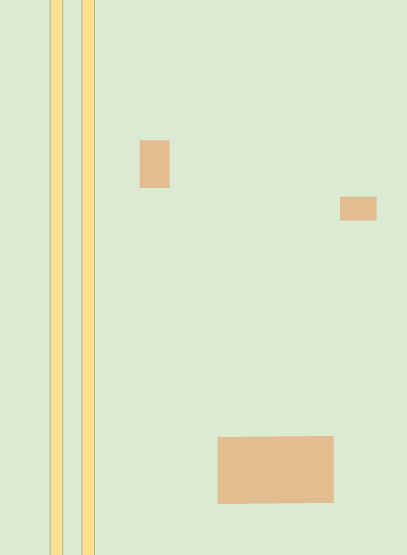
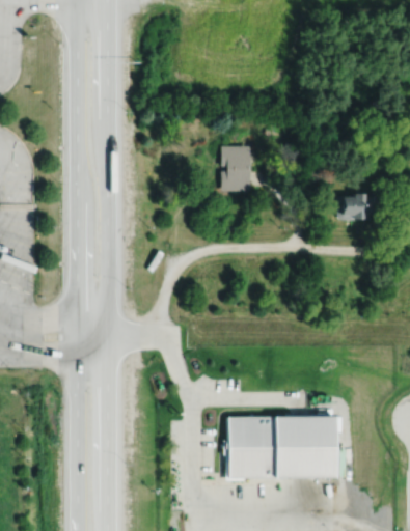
building: [139,140,171,188] -> [222,146,251,191]

